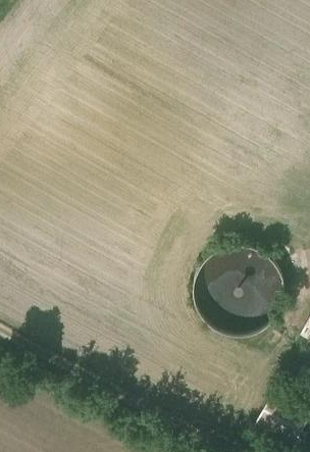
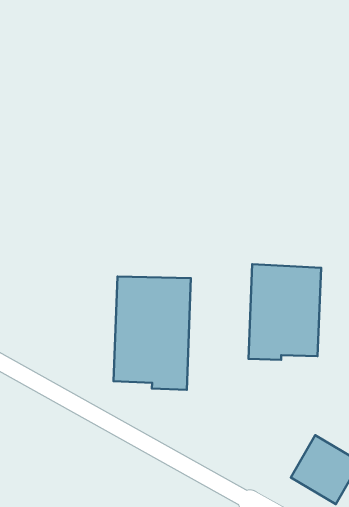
building: none -> [114,277,191,390]

